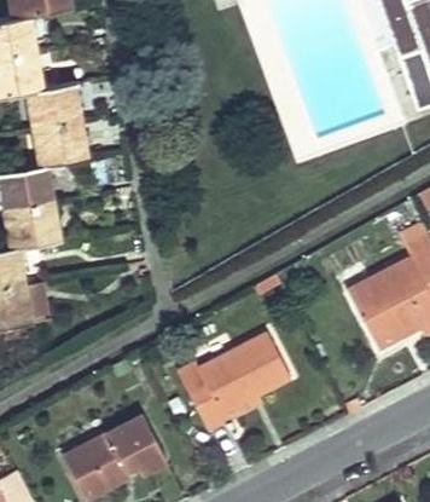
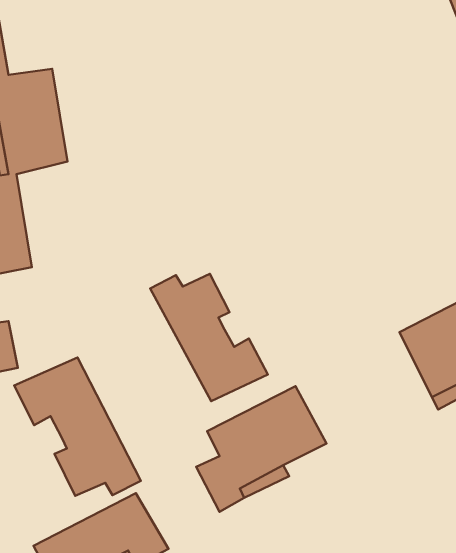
building: none -> [150,274,268,401]
building: none -> [14,358,141,496]

